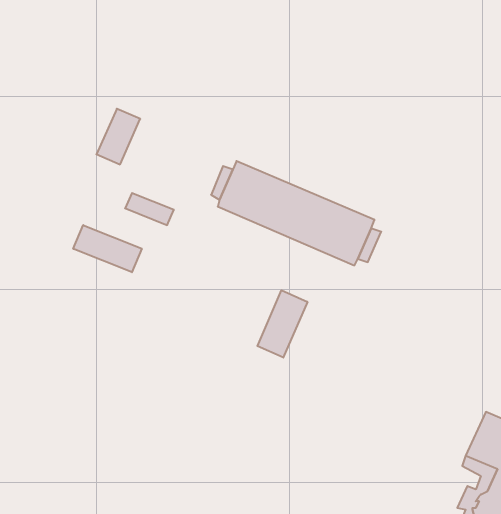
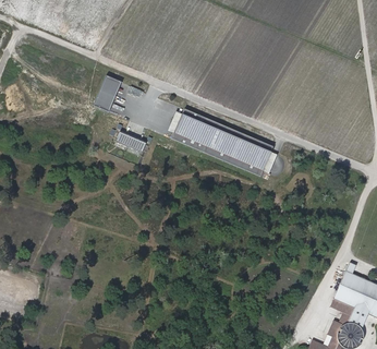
building: [73,225,142,272] -> none
building: [257,290,307,358] -> none

